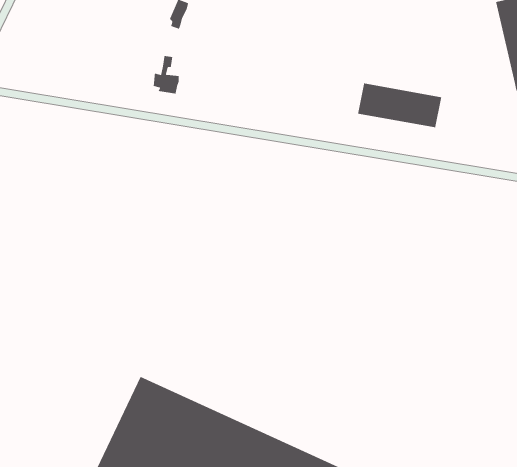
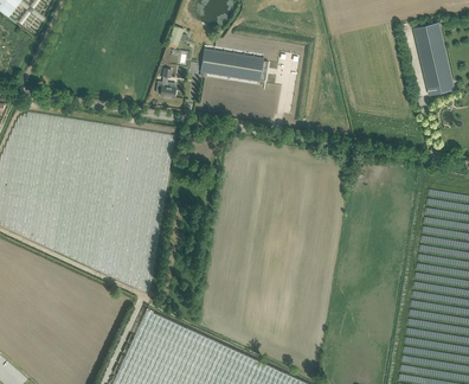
building: [357,82,442,128] -> [200,47,264,82]

